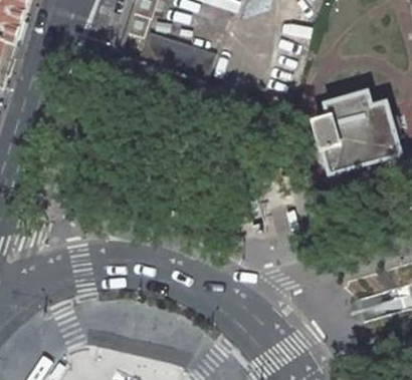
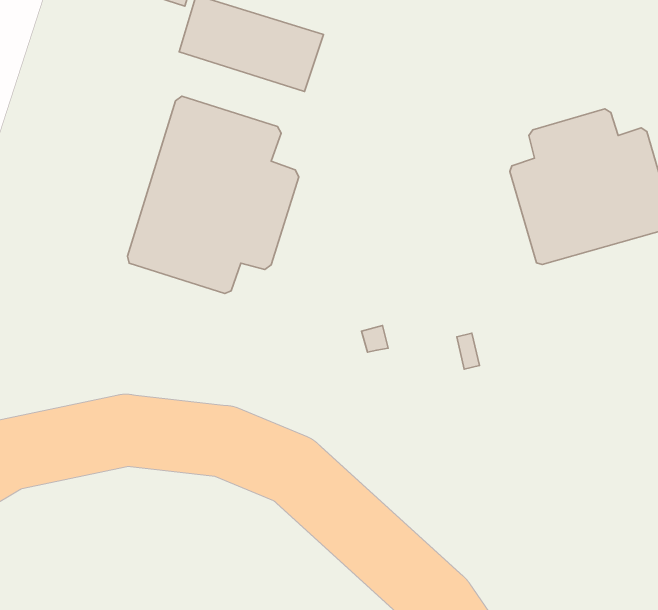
building: none -> [127,96,299,293]

